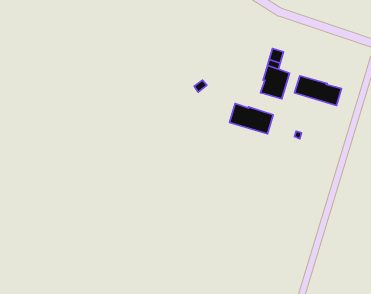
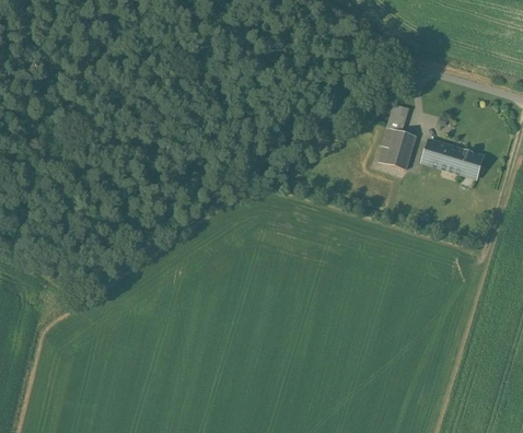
building: [229,104,273,134] -> none

